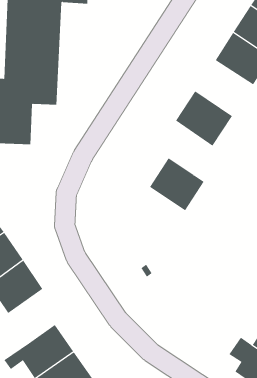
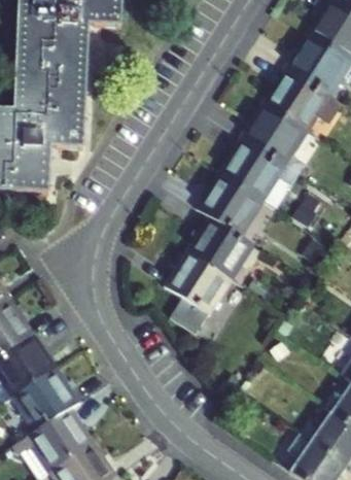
building: none -> [243,98,313,171]
building: none -> [197,170,265,235]
building: none -> [170,249,232,328]
building: none -> [20,371,86,436]

